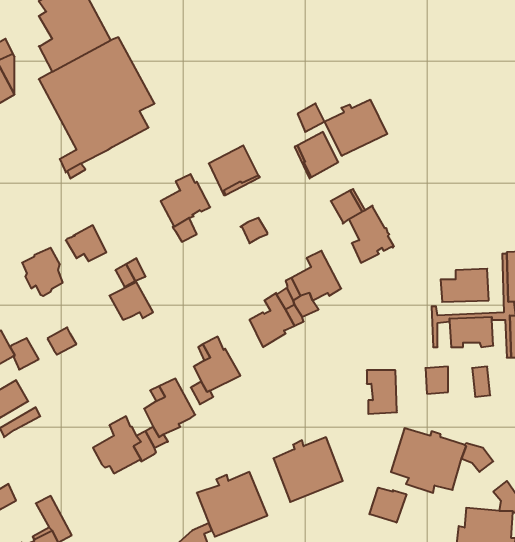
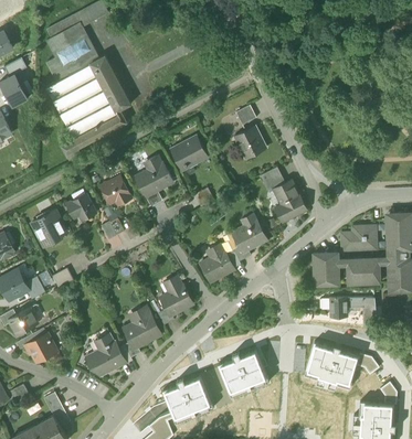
building: [325,100,387,156] -> none
building: [109,282,153,320] -> [99,175,131,203]
building: [367,370,397,414] -> [313,253,335,285]
building: none -> [24,333,56,362]
building: [369,488,406,523] -> none

